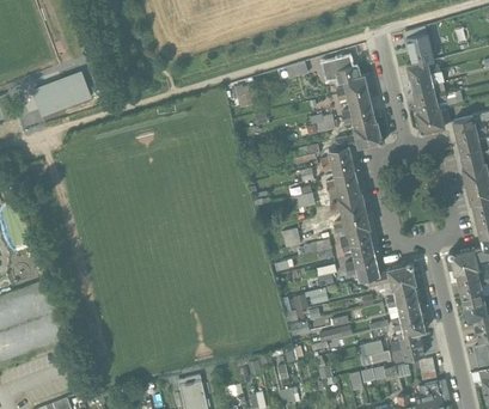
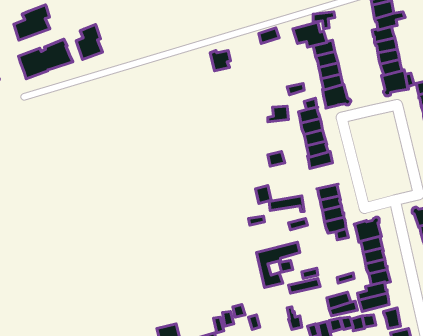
building: none -> [14,5,50,40]
building: none -> [76,24,103,60]
building: [340,204,369,233] -> none

